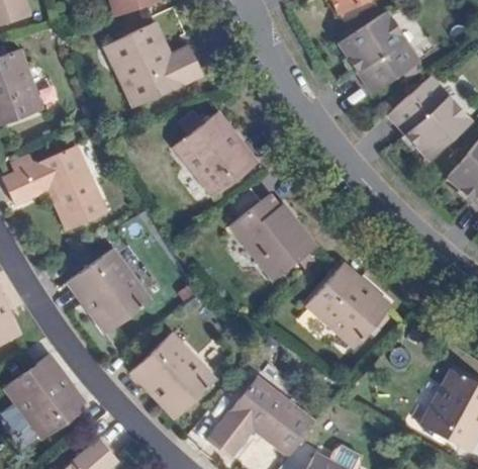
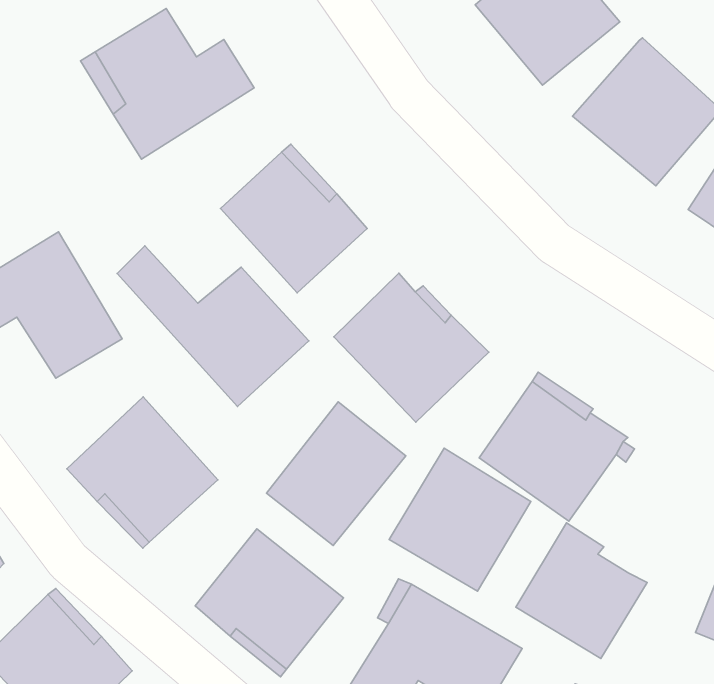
building: none -> [117,246,309,406]
building: none -> [267,402,406,546]
building: none -> [389,448,531,591]
building: none -> [516,523,647,658]

